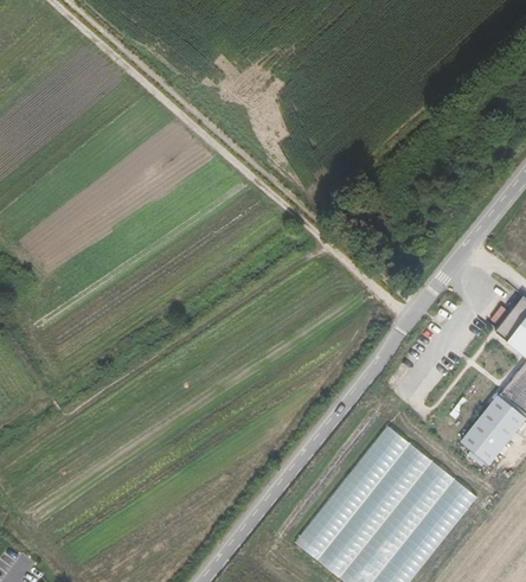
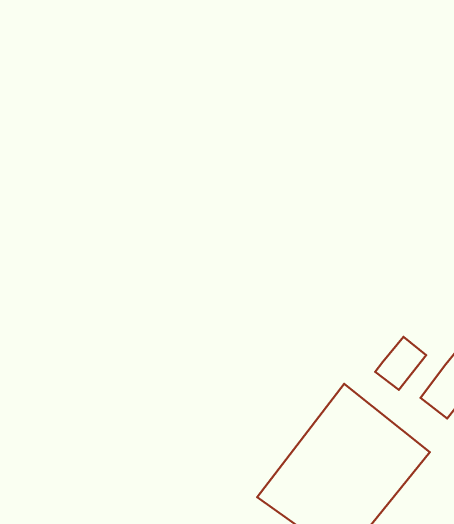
building: none -> [375,337,426,390]

